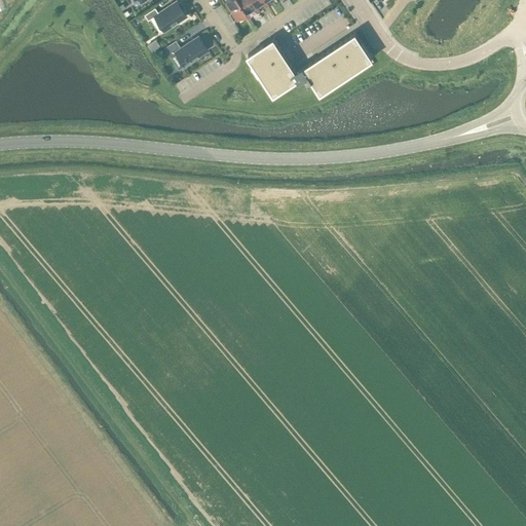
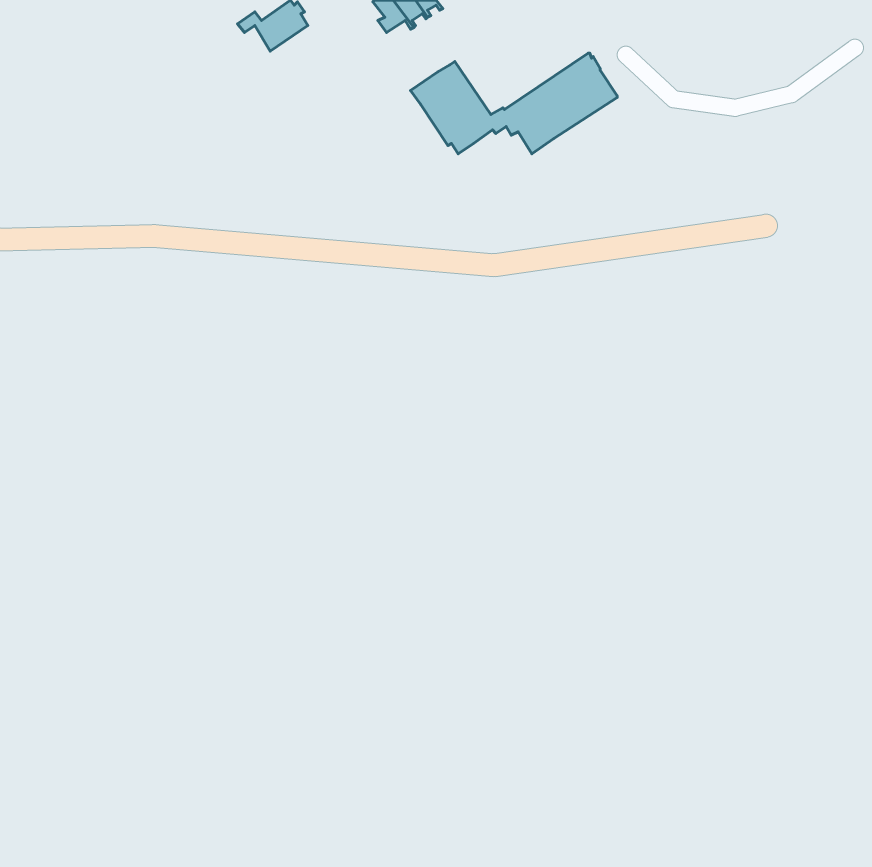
building: [163,39,206,69] -> none

